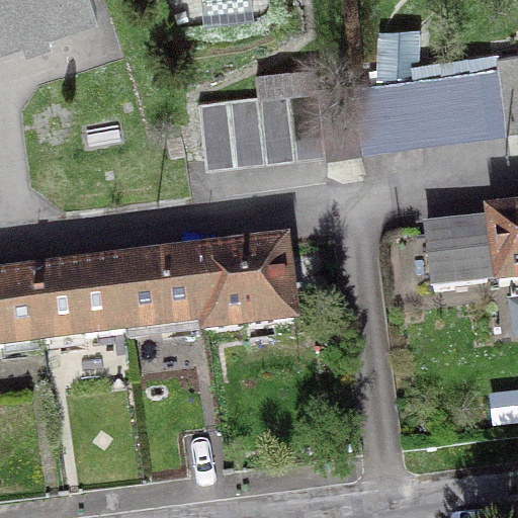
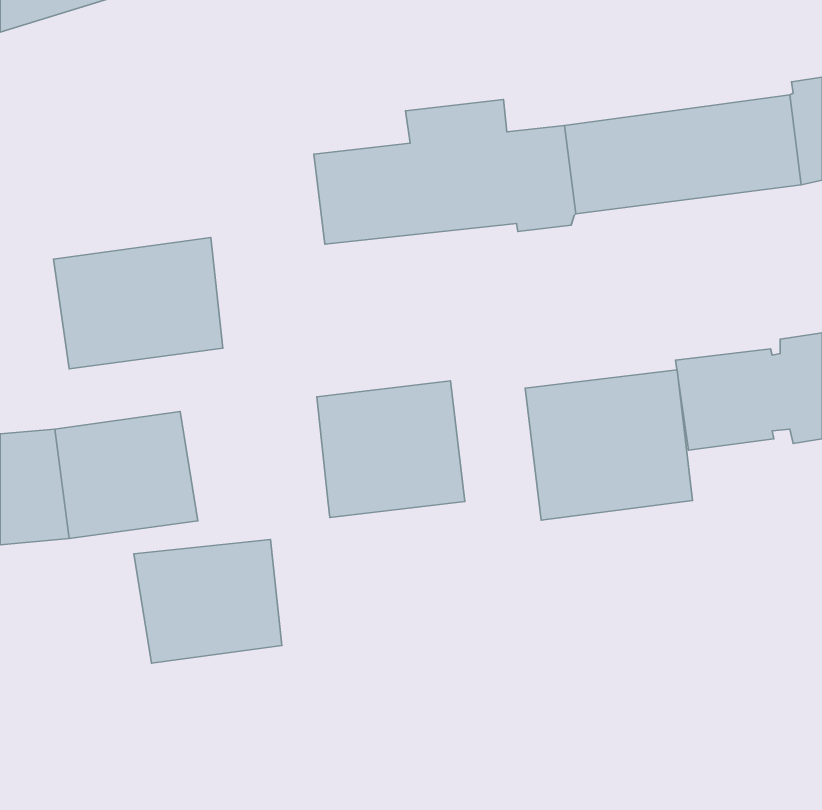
building: none -> [54,237,223,369]
building: none -> [525,370,693,520]
building: [113,250,206,328] -> [134,539,282,663]

